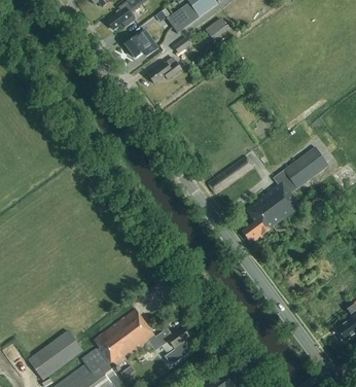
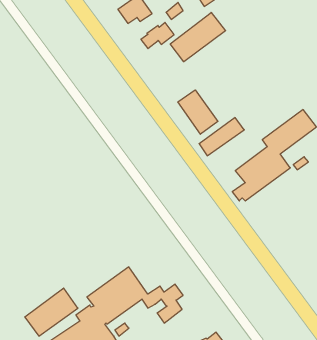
building: none -> [170,12,226,62]
building: none -> [178,90,218,134]

